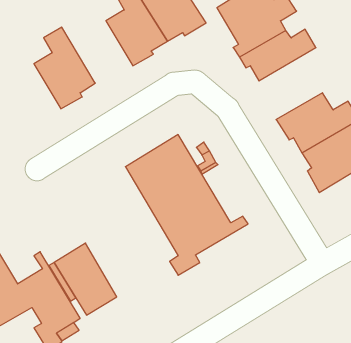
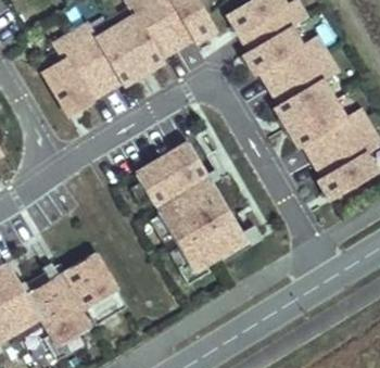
building: none -> [69,22,141,89]
building: none -> [268,53,337,126]

